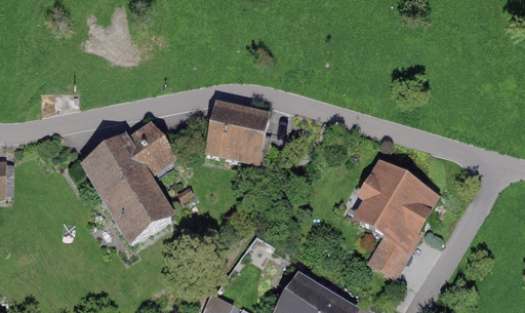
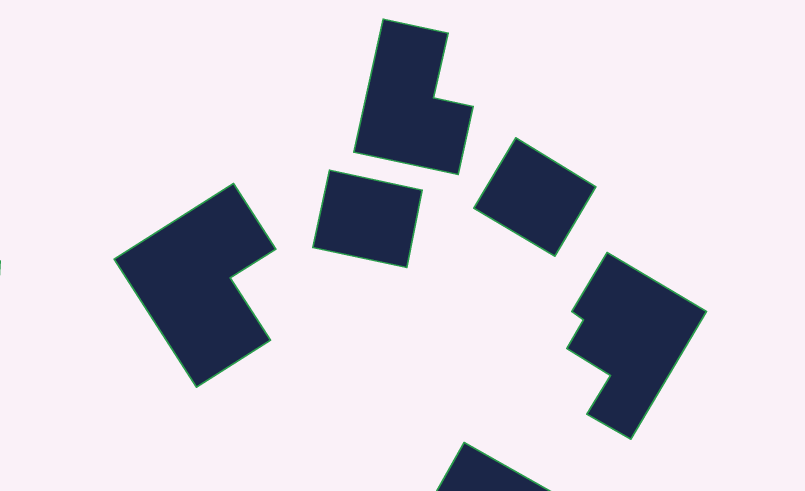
building: none -> [354,19,473,174]
building: none -> [474,138,596,256]

